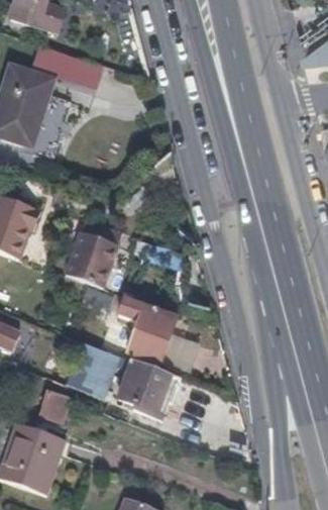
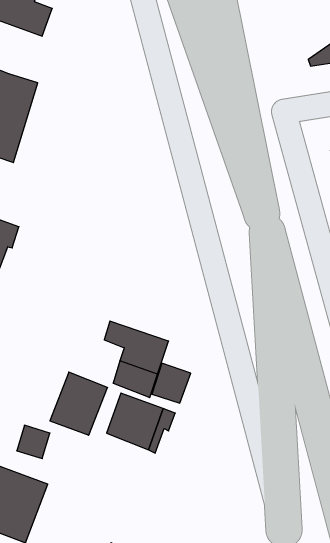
building: [30,45,103,90] -> none
building: [64,219,119,285] -> none

